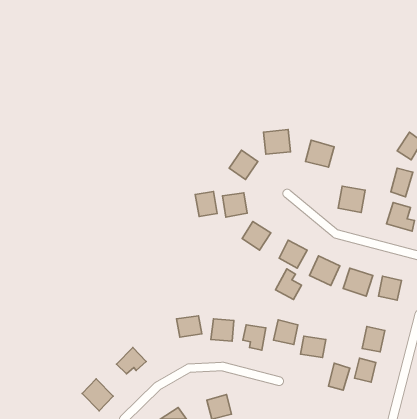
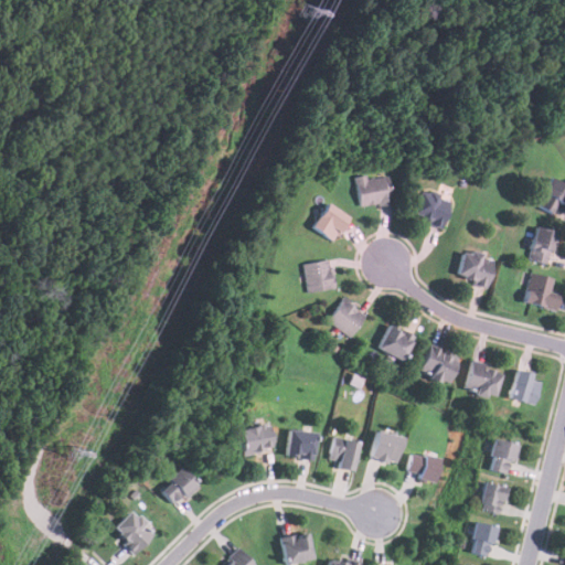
building: [195,192,217,216] -> none
building: [275,269,301,299] -> none
building: [328,363,350,390] -> [469,521,498,557]

